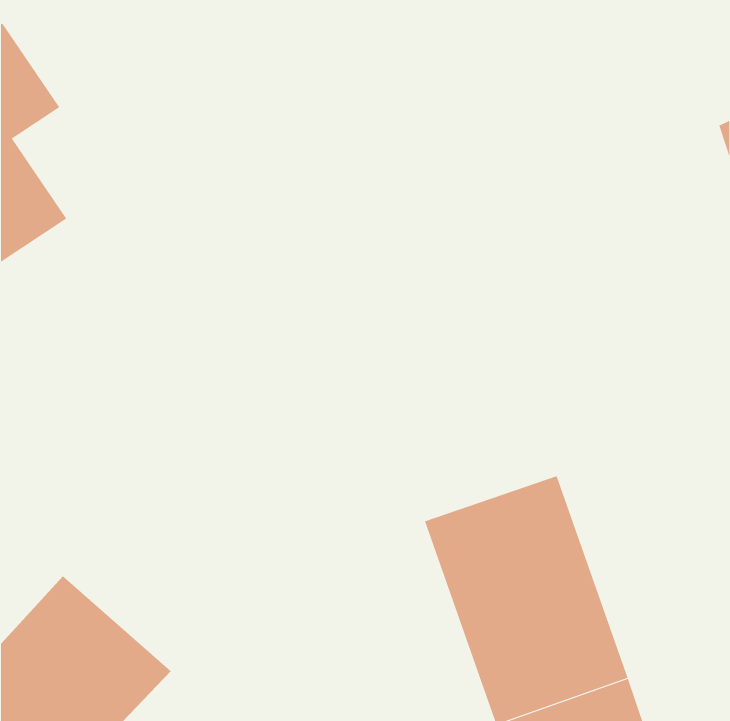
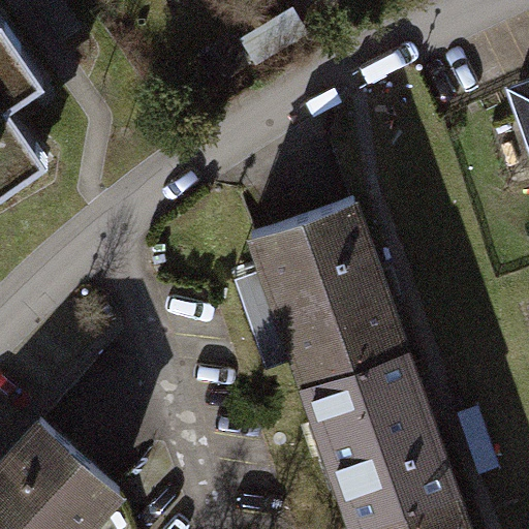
building: none -> [255,204,403,383]

